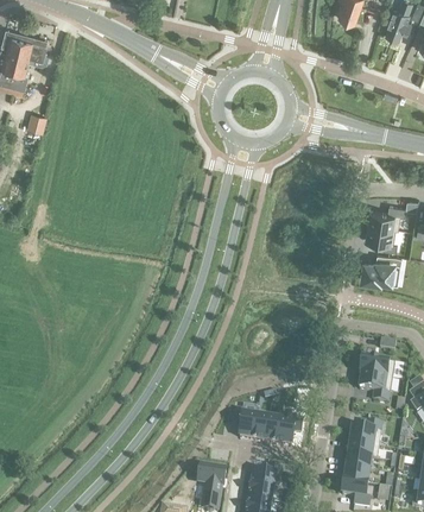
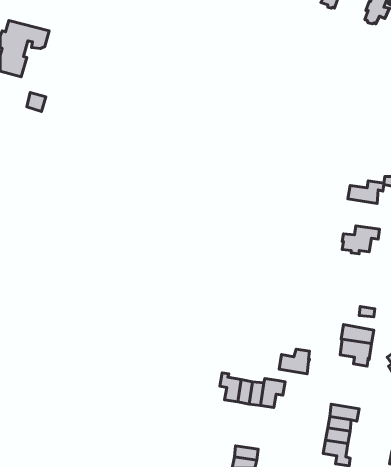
building: [366,226,399,253] -> none
building: [350,422,382,448] -> [279,349,310,374]
building: [197,467,224,501] -> none
building: [249,467,281,491] -> none

